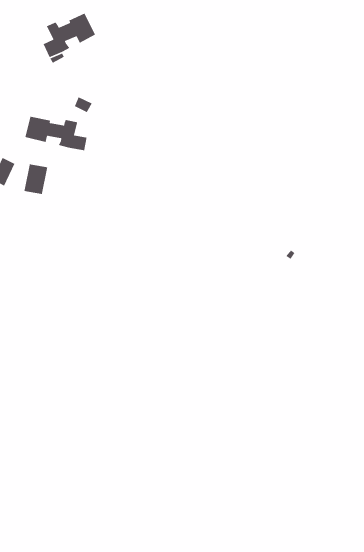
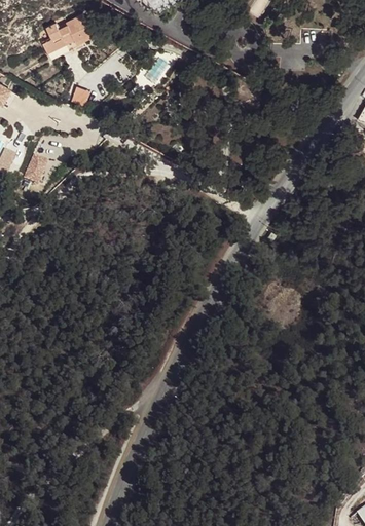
building: [25,116,88,151] -> none

